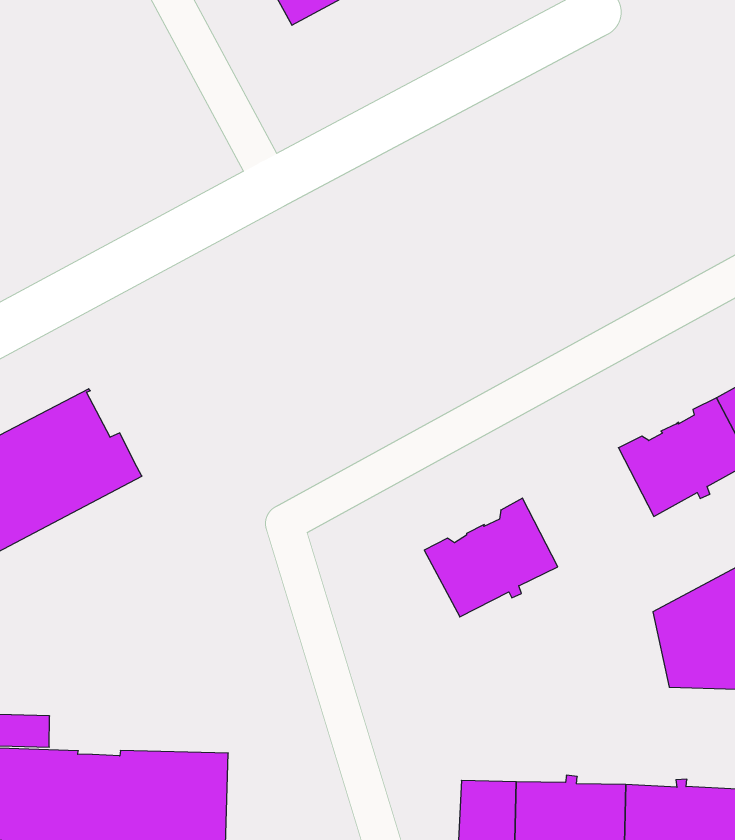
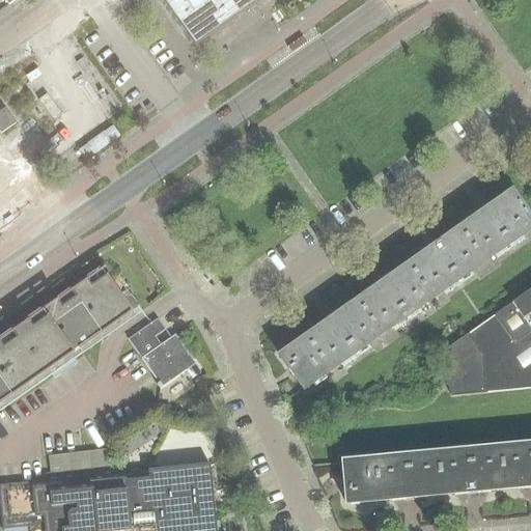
building: none -> [357,261,432,333]
building: none -> [128,316,199,387]
building: none -> [279,333,330,387]

